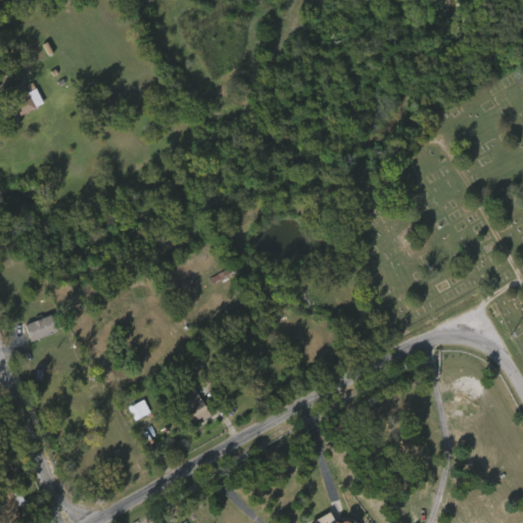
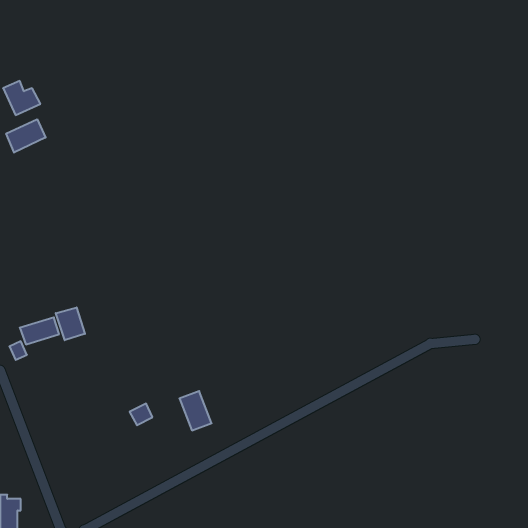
building: none -> [6,119,46,153]
building: none -> [56,307,85,340]

